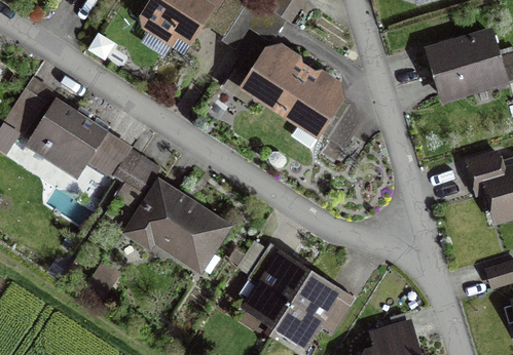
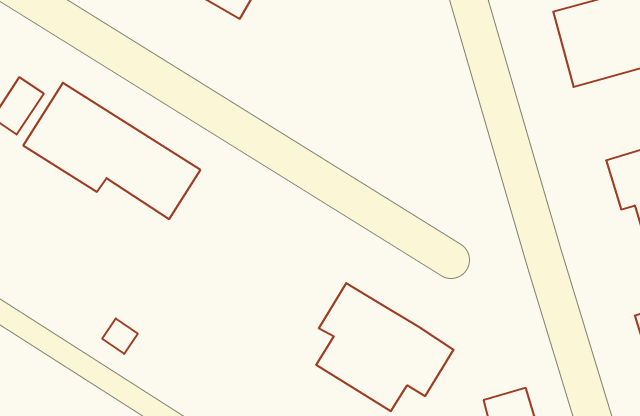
building: [248,50,358,145] -> none
building: [124,176,230,275] -> none

